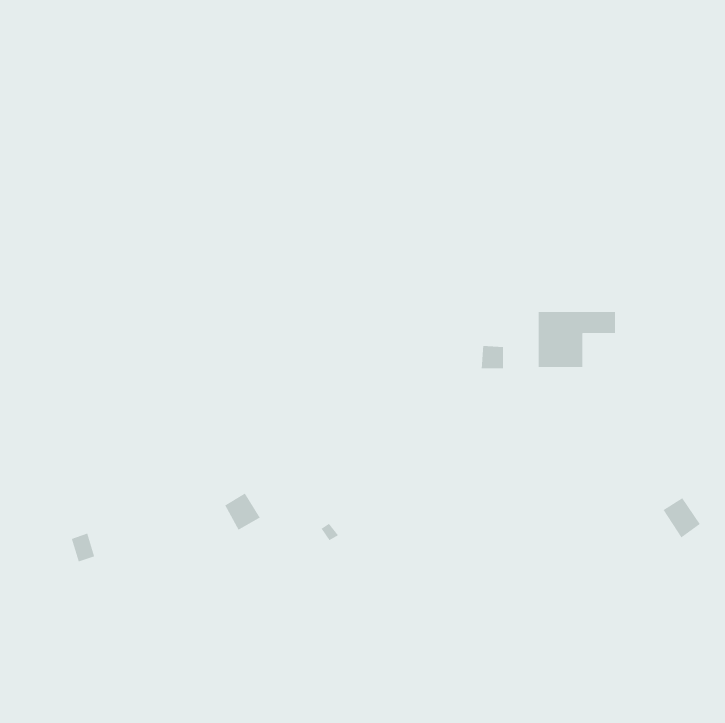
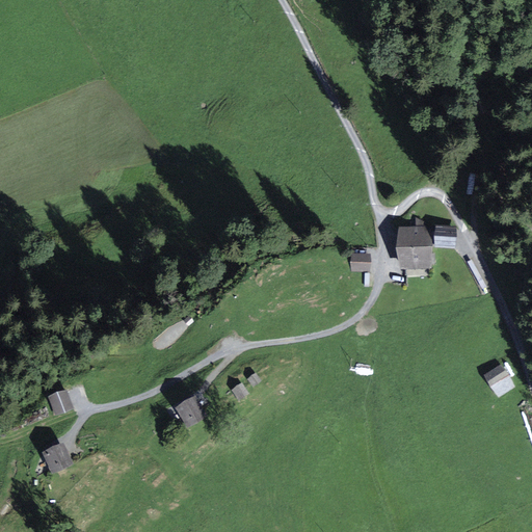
building: [224,492,261,531] -> [179,396,206,424]
building: none -> [46,444,71,470]

